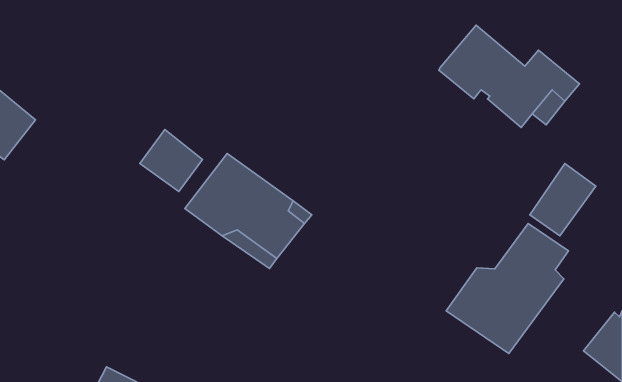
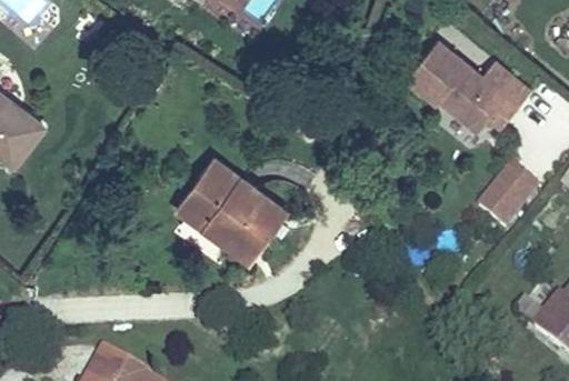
building: [140,130,203,192] -> none
building: [446,224,568,354] -> none

